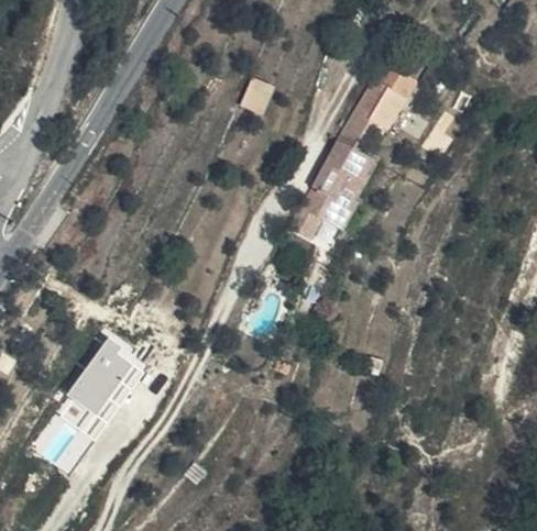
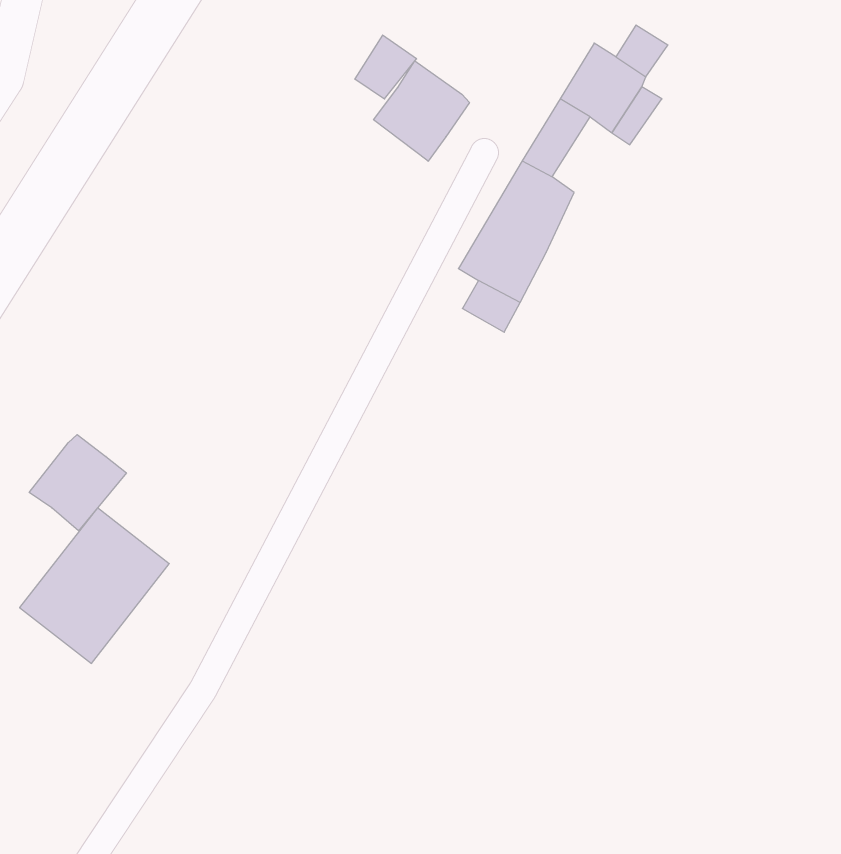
building: none -> [374,61,469,161]
building: none -> [29,435,126,531]

